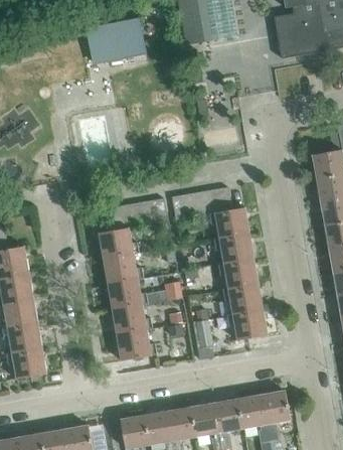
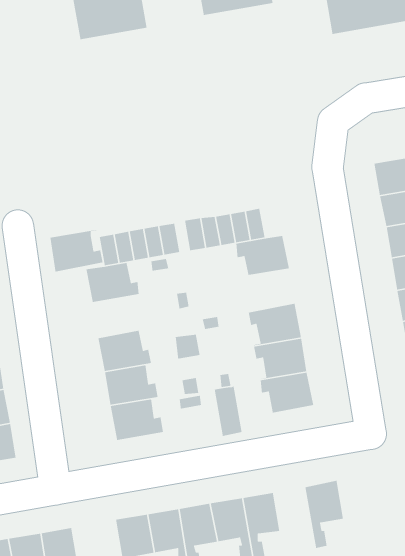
building: [213,233,253,265] -> none
building: [103,252,143,284] -> [49,229,104,272]
building: [237,395,269,442] -> none

